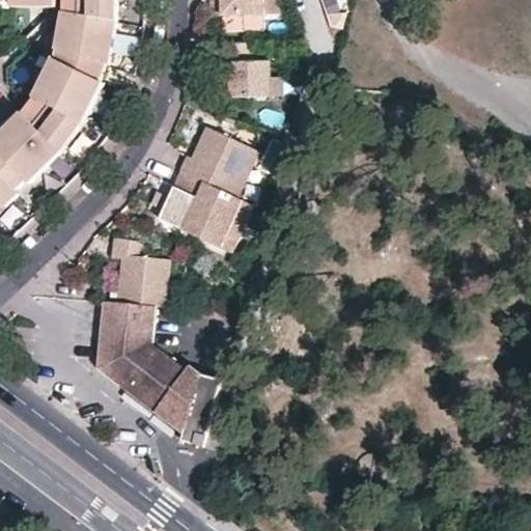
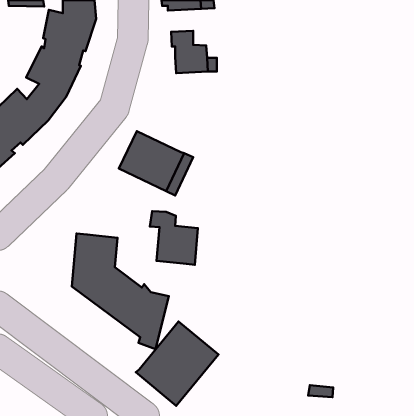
building: [174,122,252,194] -> none
building: [103,235,164,304] -> [150,211,198,265]
building: none -> [136,321,219,406]

